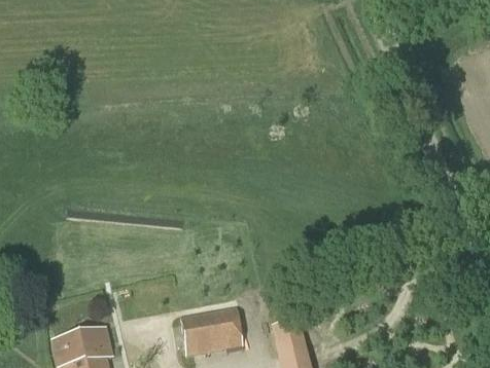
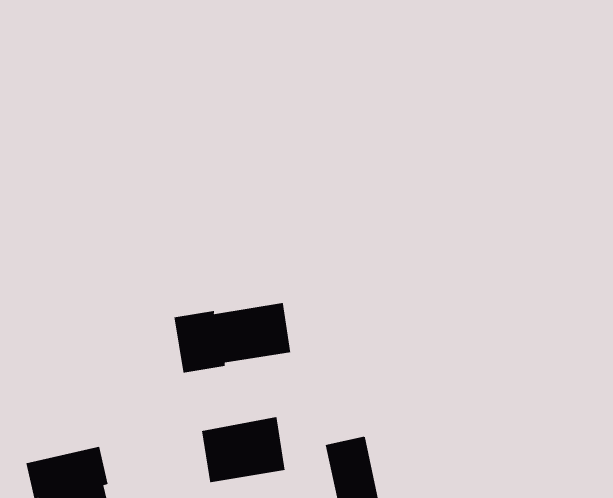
building: none -> [174,302,291,374]

